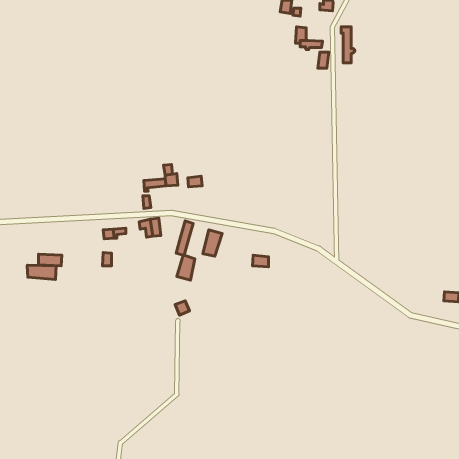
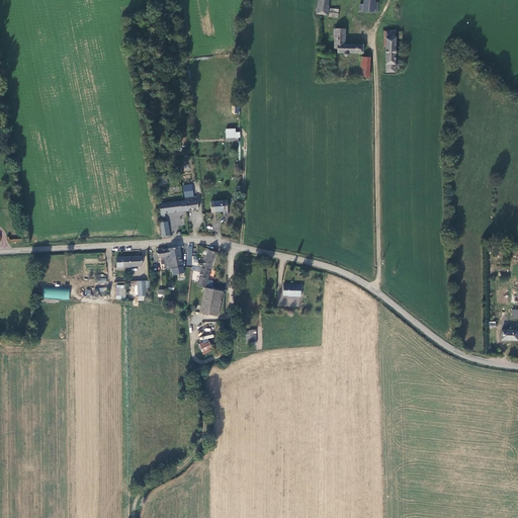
building: [203,230,222,256] -> none
building: [27,265,56,279] -> none

